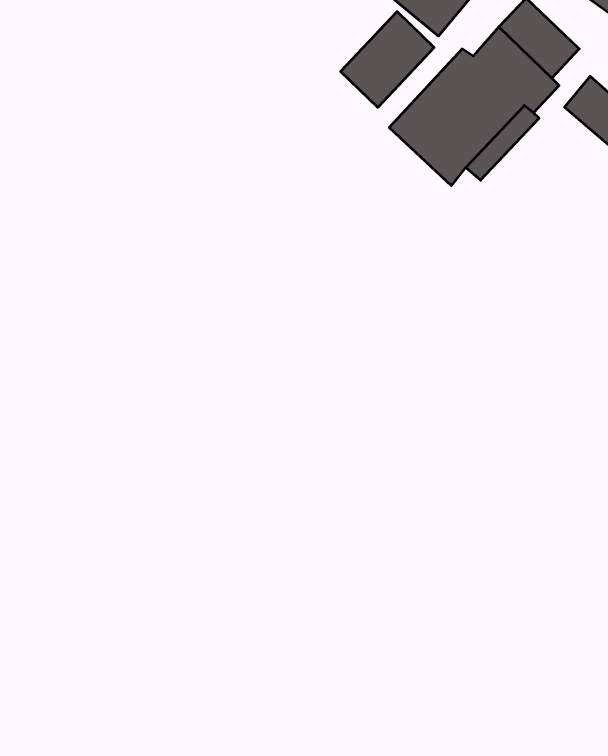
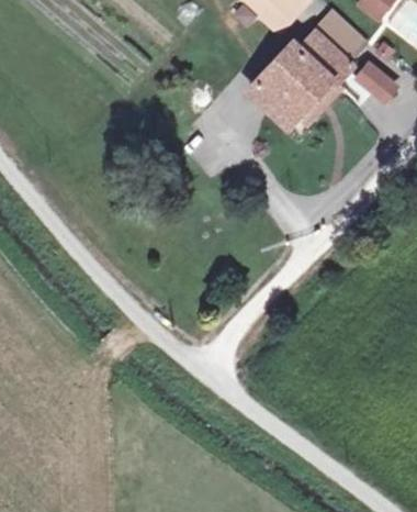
building: [341,12,434,107] -> none

